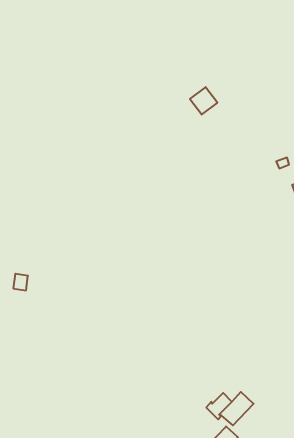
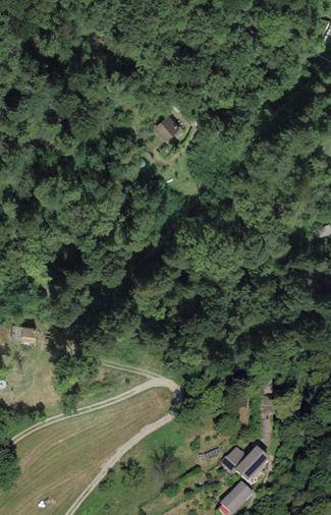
building: [190,87,217,115] -> [152,114,180,142]

